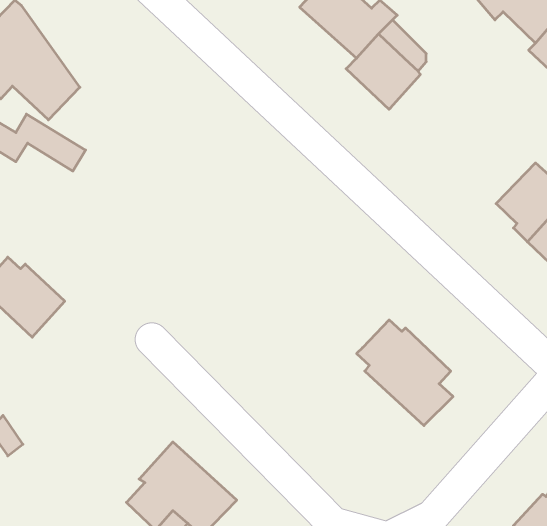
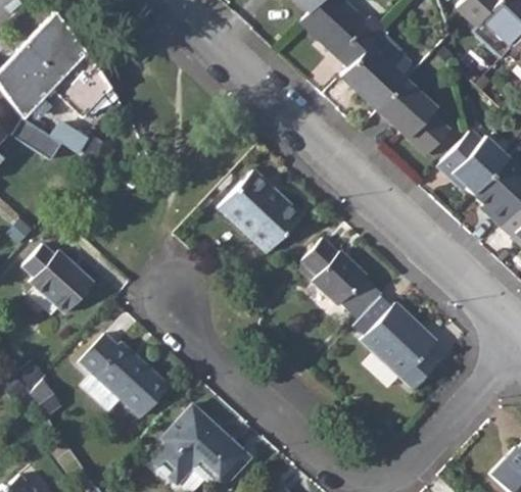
building: none -> [381,81,453,157]
building: none -> [438,132,510,194]
building: none -> [218,169,301,252]
building: none -> [302,240,383,321]
building: none -> [81,333,170,415]

